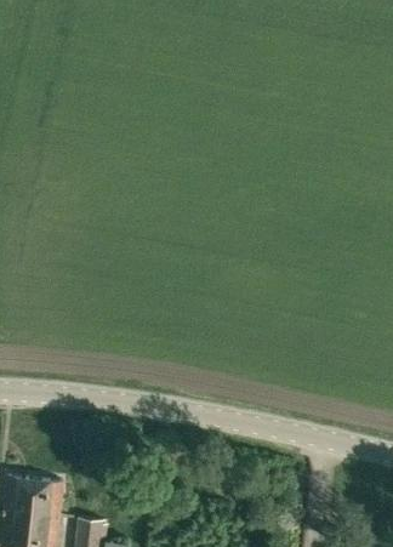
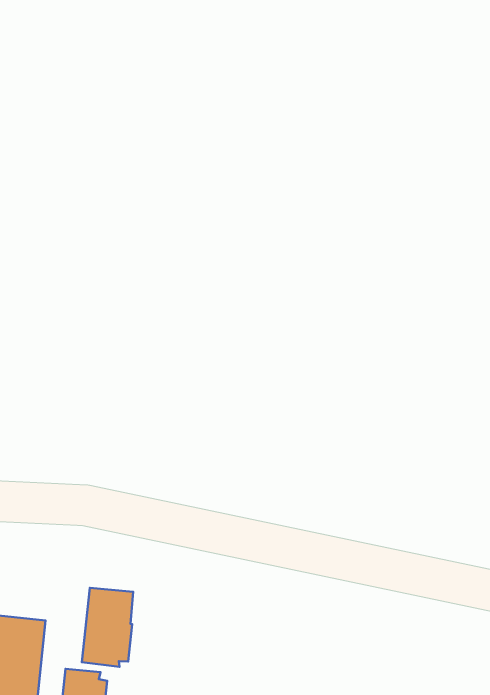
building: none -> [82,588,133,667]

